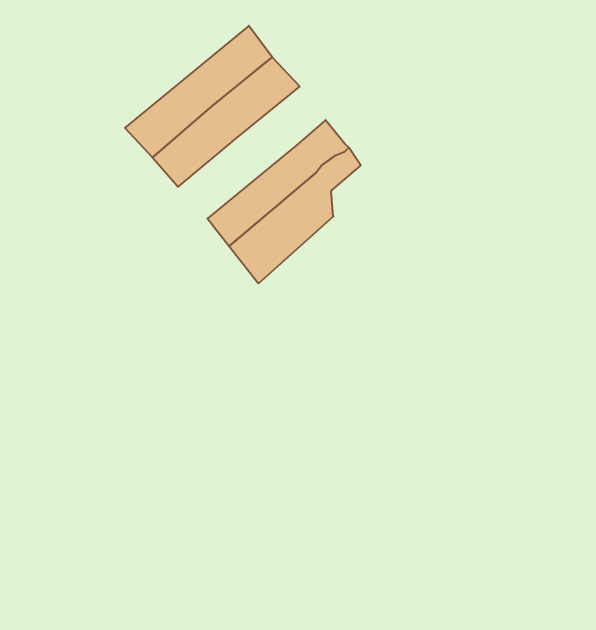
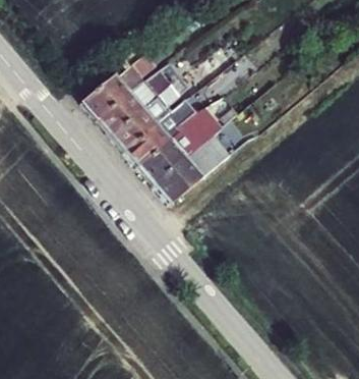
building: none -> [113,82,184,150]
building: none -> [155,122,231,203]

